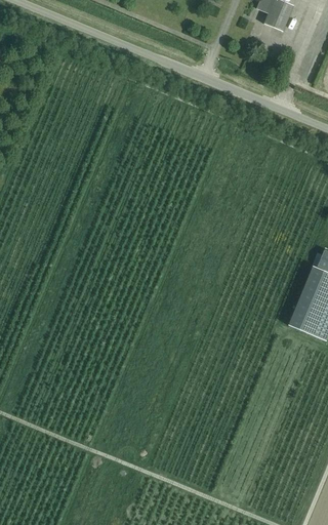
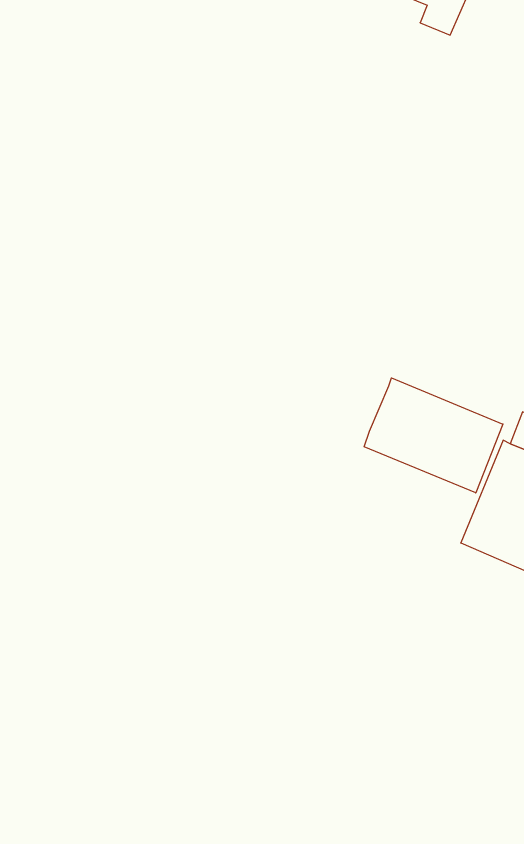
building: none -> [364,378,503,493]

